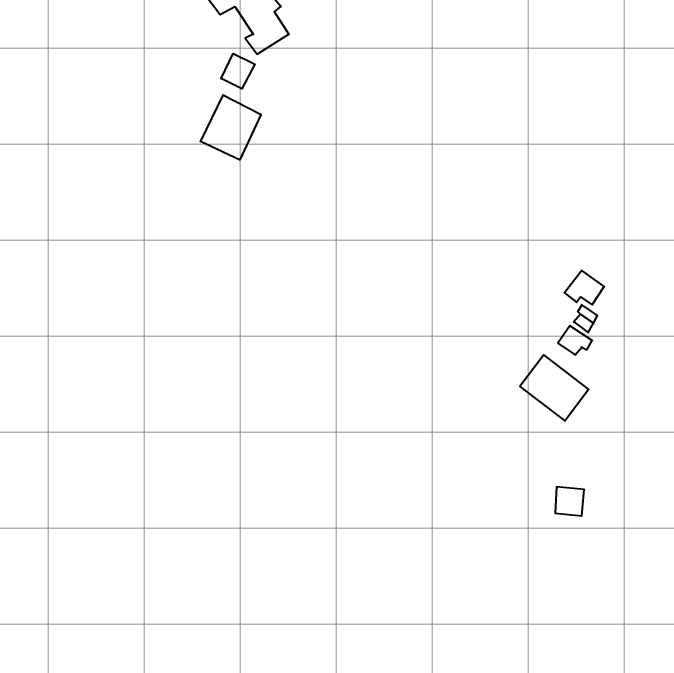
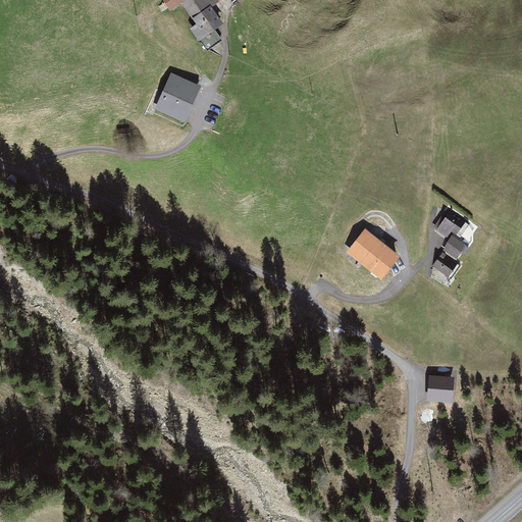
building: [221,54,255,89] -> none
building: [520,355,589,421] -> [347,225,400,276]

